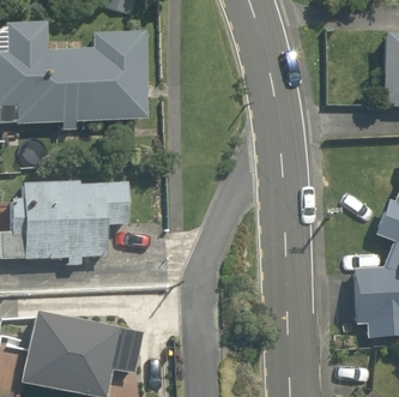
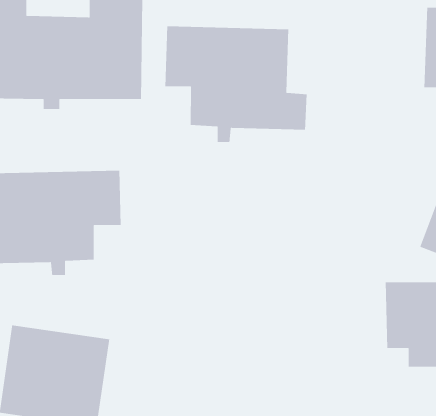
building: none -> [165,25,308,143]

